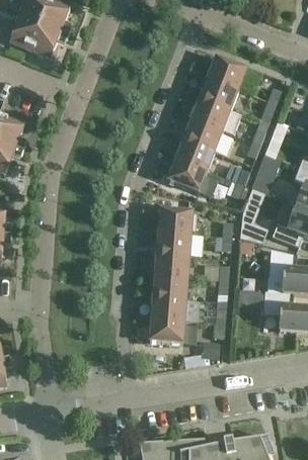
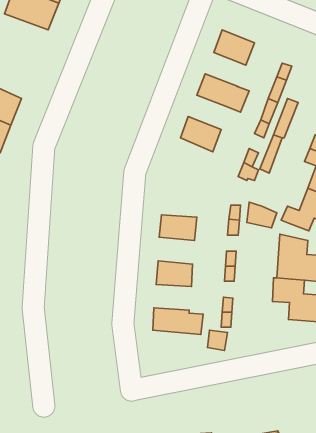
building: [199,78,237,110] -> none
building: [182,118,222,151] -> none
building: [166,159,206,192] -> none
building: [157,209,191,234] -> none
building: [154,253,188,278] -> none
building: [150,297,199,321] -> none

